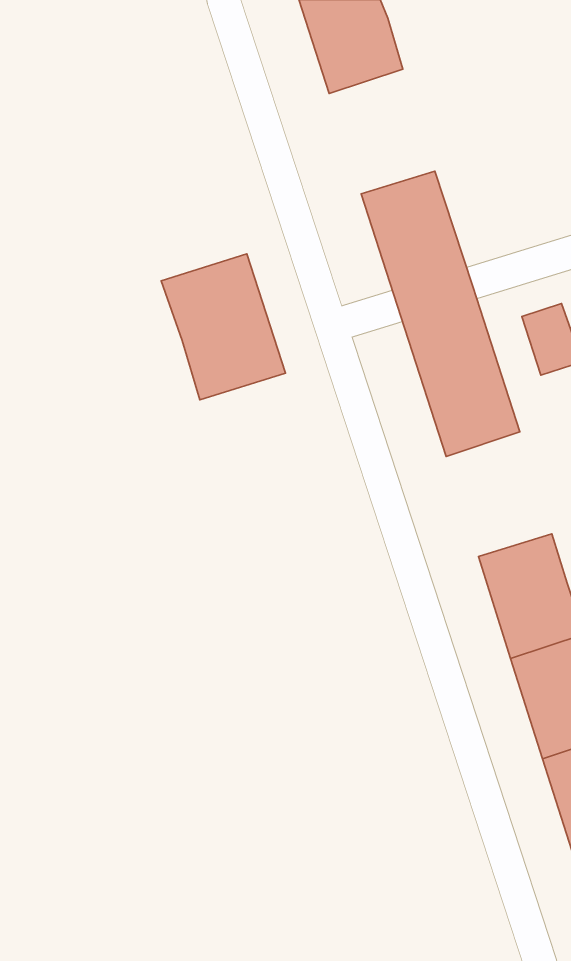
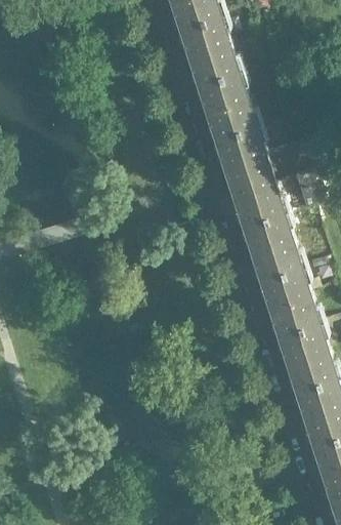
building: none -> [187,39,245,107]
building: [161,254,286,400] -> none
building: none -> [251,236,308,304]

